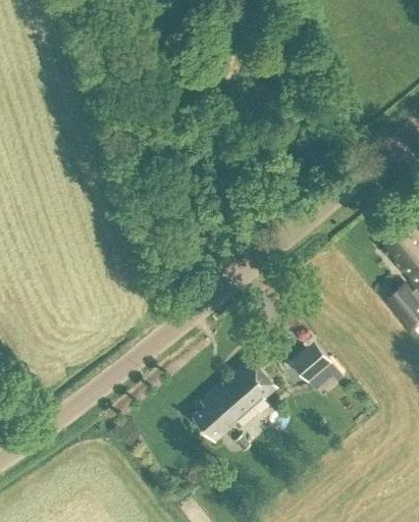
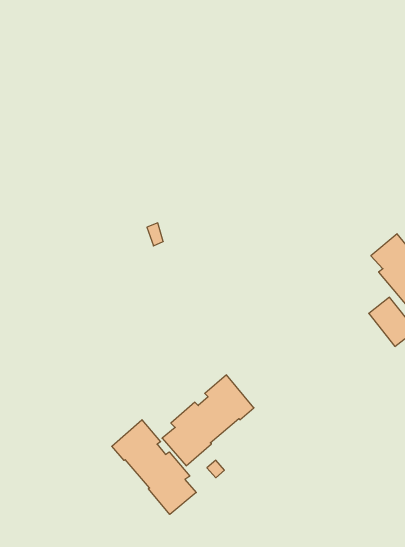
building: [292,348,326,382] -> none
building: none -> [112,420,196,514]

